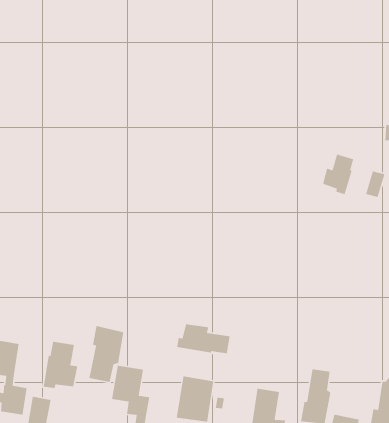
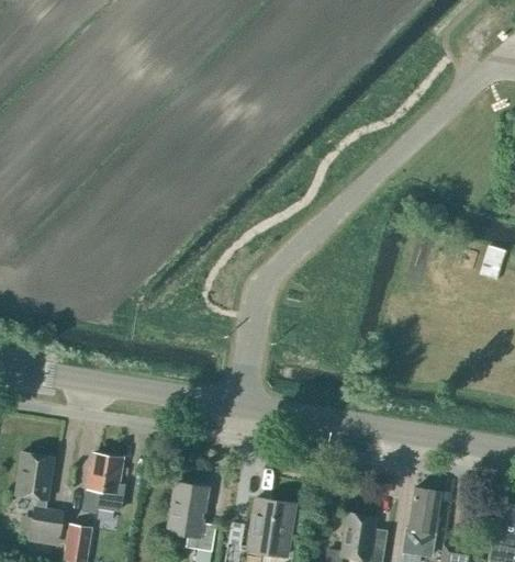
building: [322,154,354,195] -> none
building: [176,324,230,354] -> none
building: [89,325,124,383] -> none

